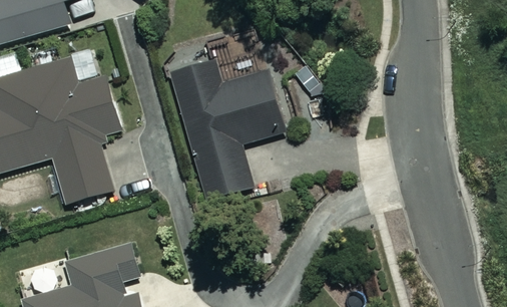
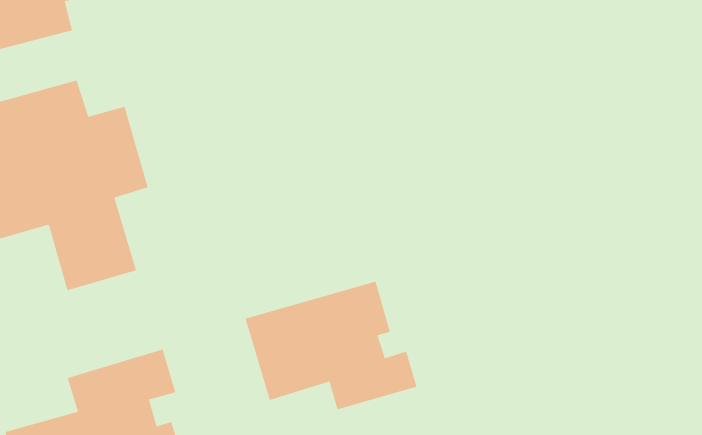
building: [170,60,285,199] -> none
building: none -> [245,281,417,410]

